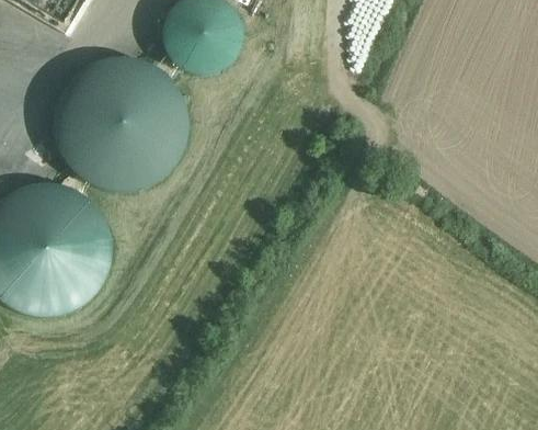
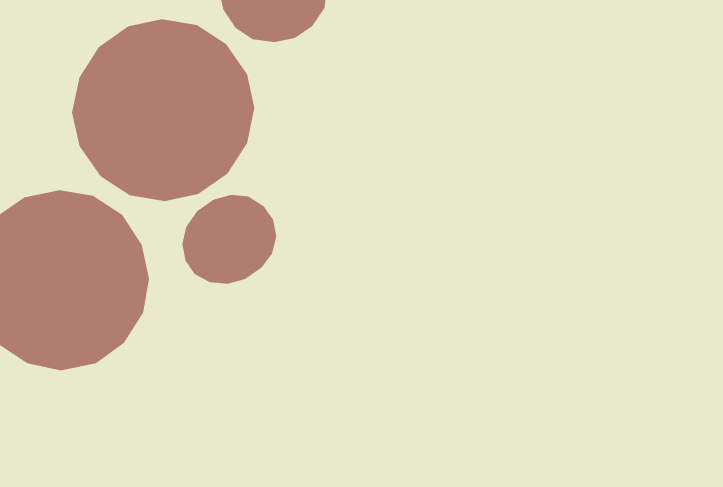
building: none -> [182,194,277,285]

